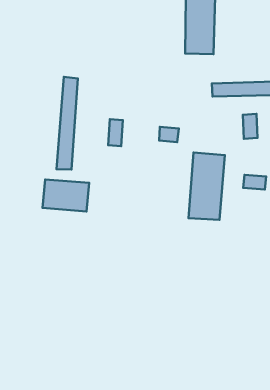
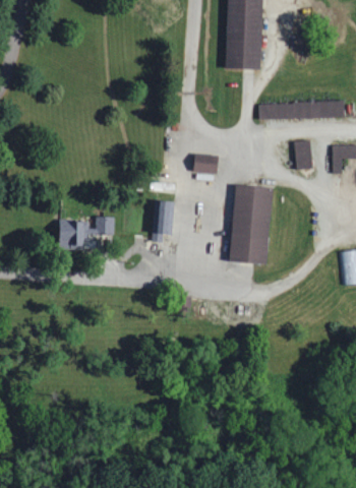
building: [57,77,78,170] -> none
building: [108,119,123,146] -> [155,200,172,232]
building: [243,175,266,189] -> none

